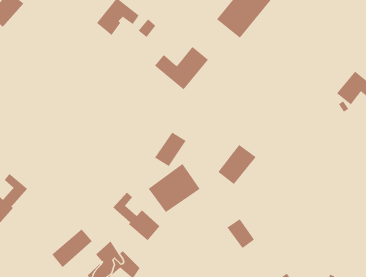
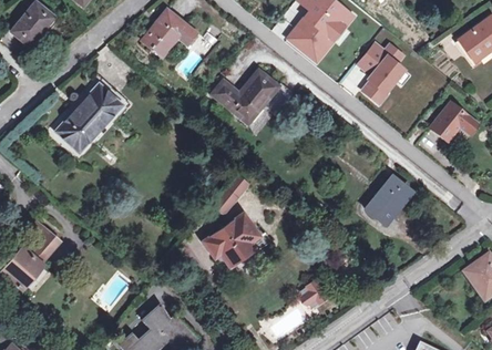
building: none -> [357,41,407,103]
building: none -> [53,83,120,153]
building: [218,144,256,185] -> [362,174,409,223]
building: [113,192,160,241] -> none
building: [52,229,93,268] -> none

